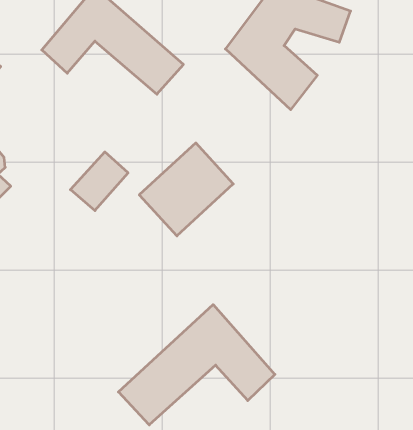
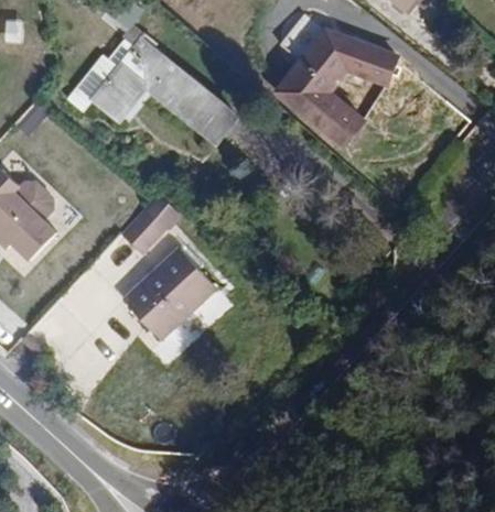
building: [139,143,233,236] -> [121,249,215,341]
building: [118,305,275,425] -> none

